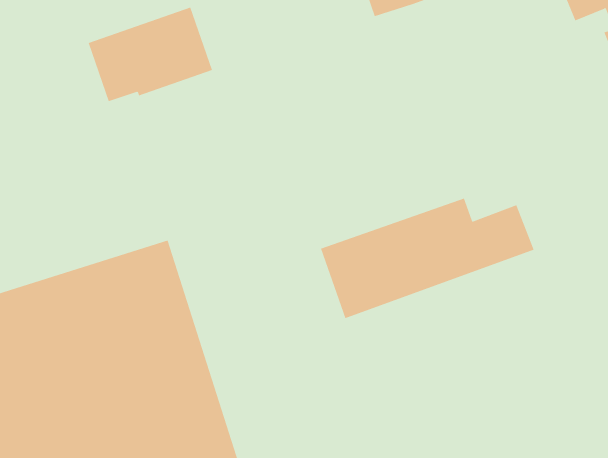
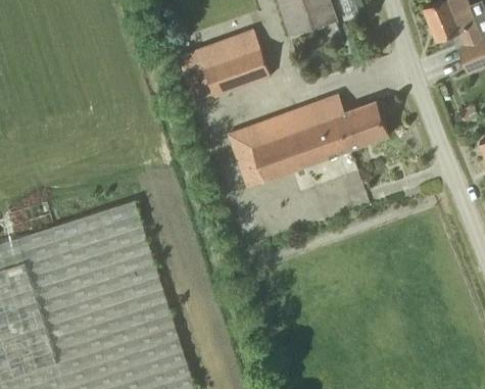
building: [88,7,213,102] -> [178,29,271,99]
building: [320,198,535,319] -> [231,95,390,185]

